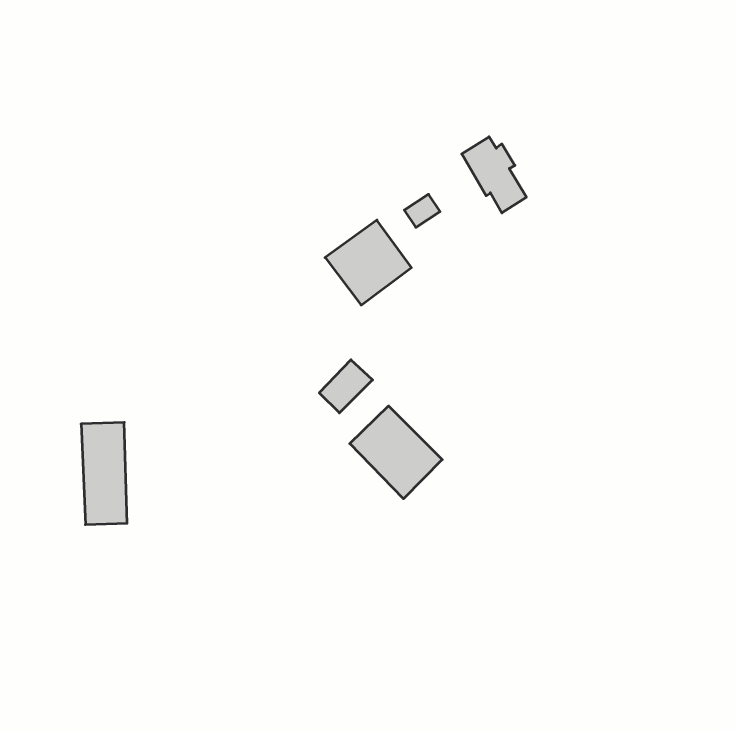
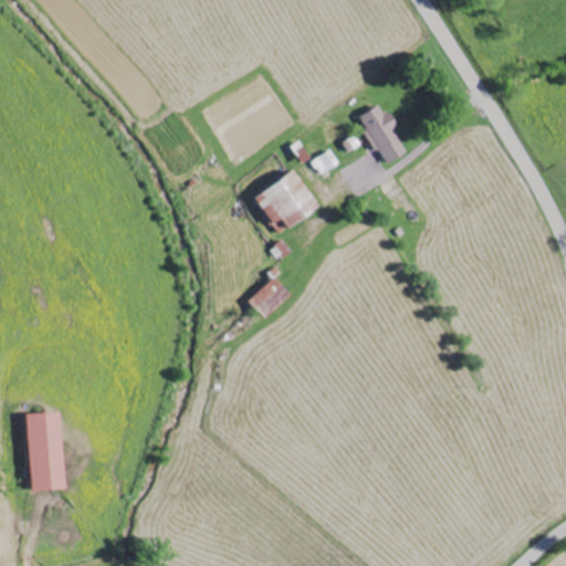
building: [350,406,442,499] -> none
building: [81,422,127,525] -> [30,412,65,491]

